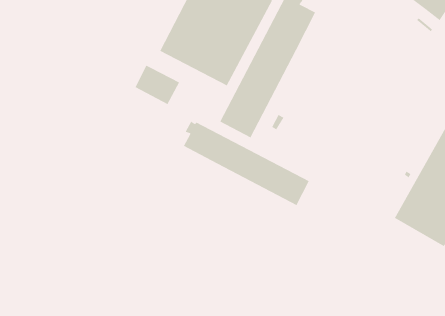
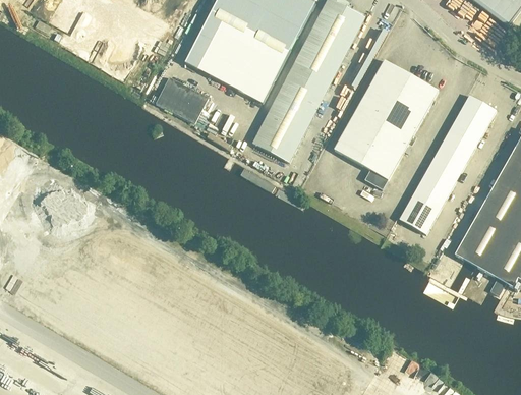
building: none -> [335,59,439,188]
building: none -> [400,94,497,233]
building: [183,120,310,206] -> none

